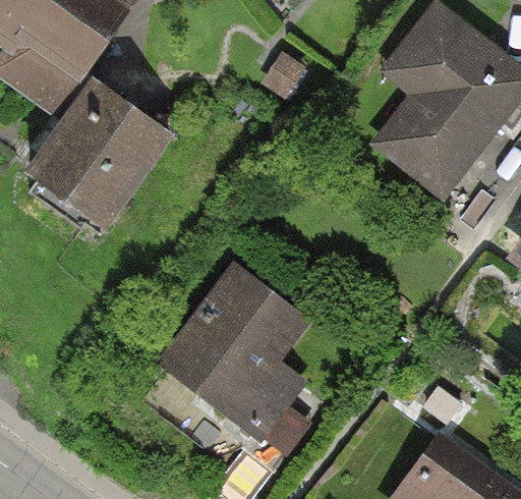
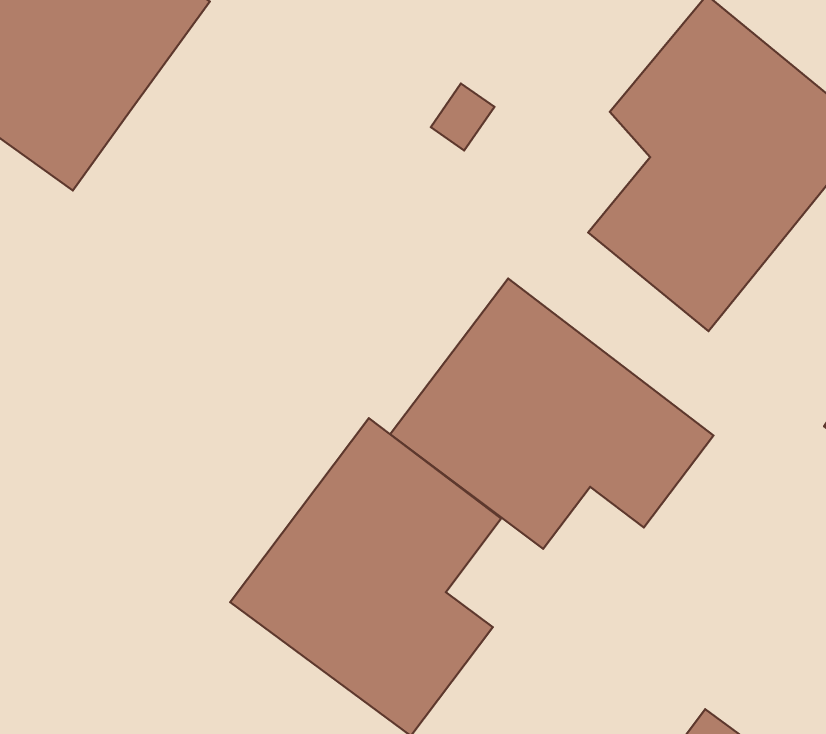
building: [15,71,174,234] -> none
building: none -> [390,278,714,549]

